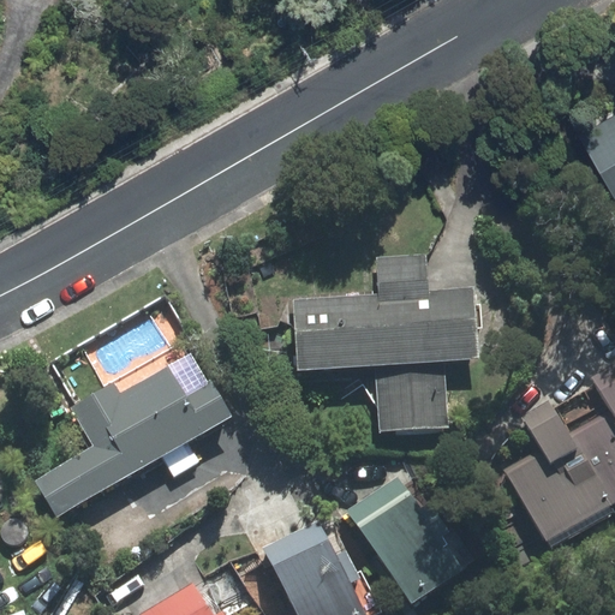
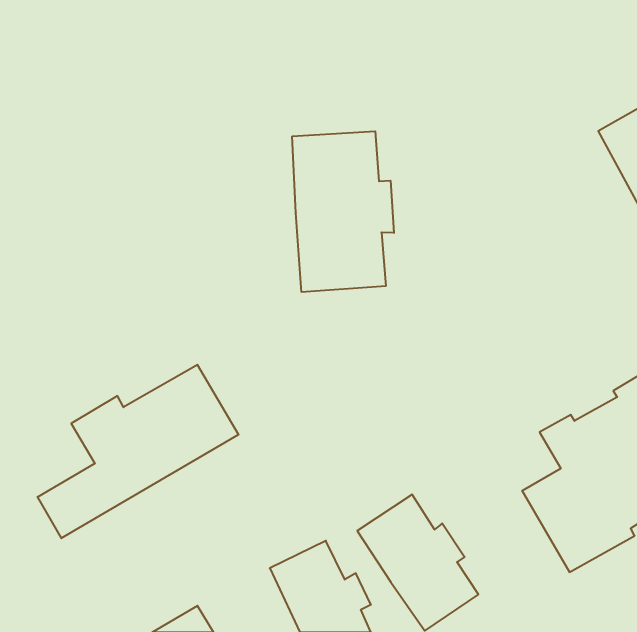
building: none -> [292,131,394,292]
building: [292,252,478,432] -> none

